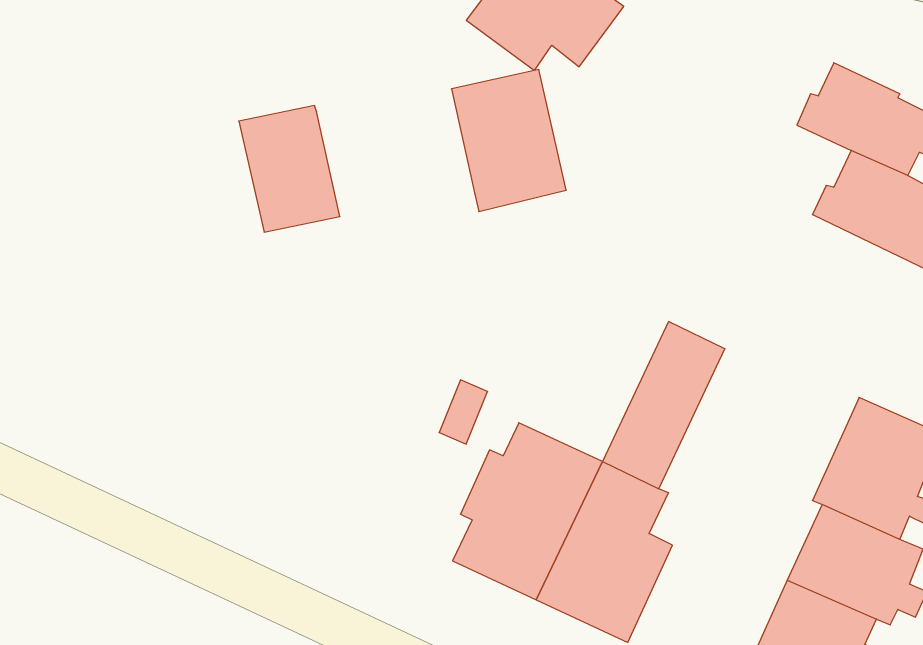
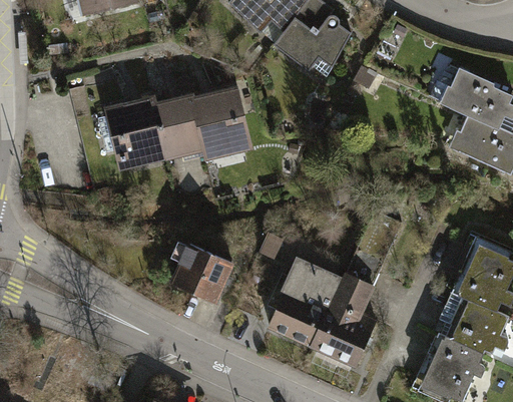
building: [451,70,566,212] -> [195,83,254,156]
building: none -> [99,92,168,166]
building: none -> [172,238,232,302]

